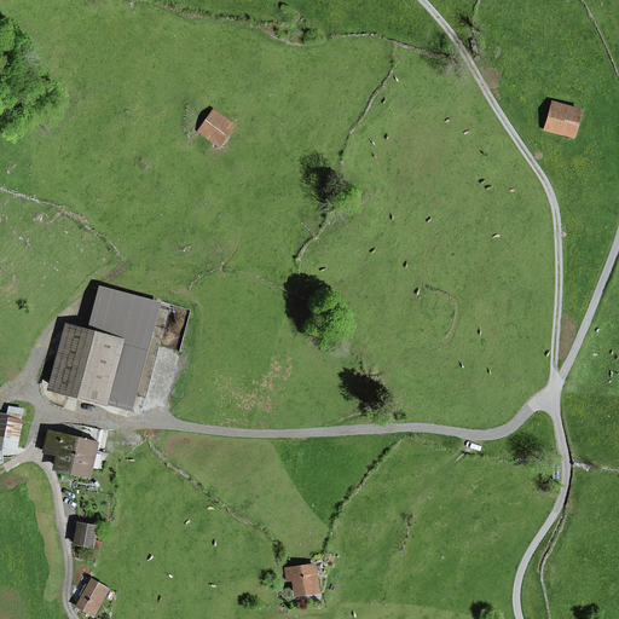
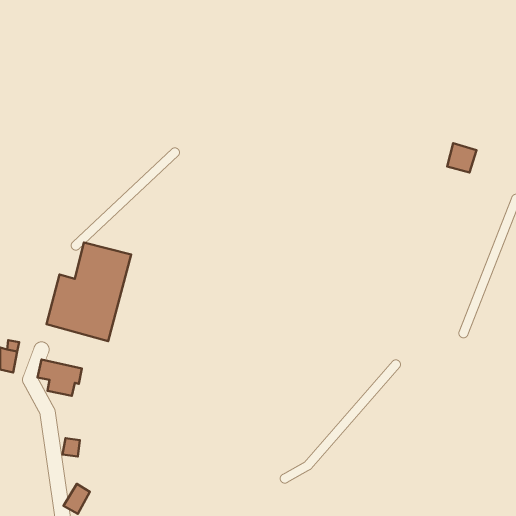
building: [544,102,579,137] -> [447,143,476,172]
building: [197,110,232,145] -> none
building: [285,565,318,595] -> none

